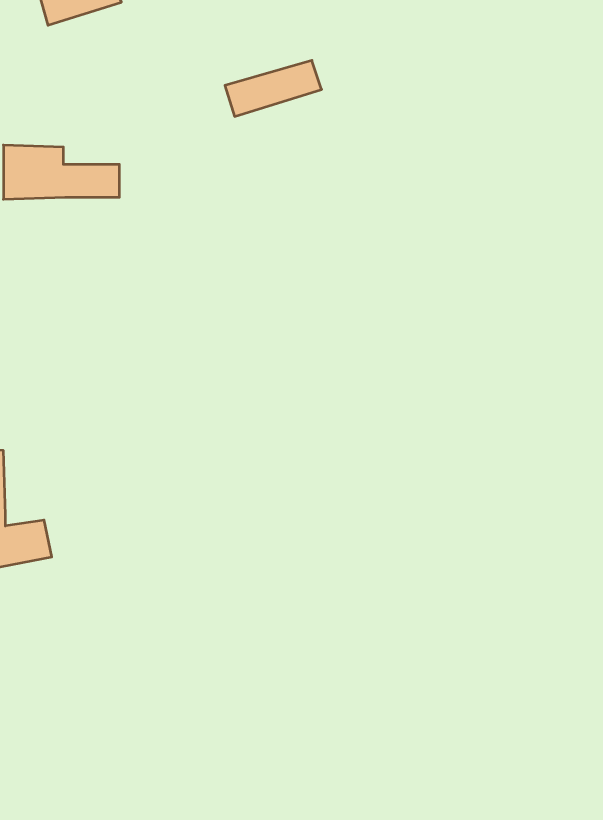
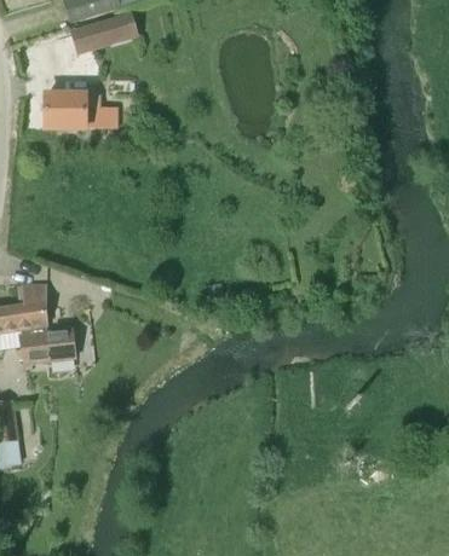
building: [225,60,322,116] -> [73,16,133,51]

